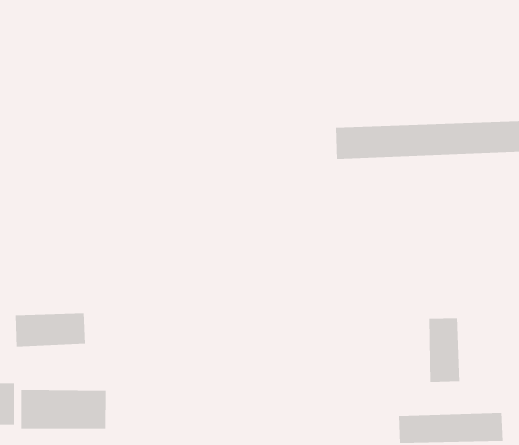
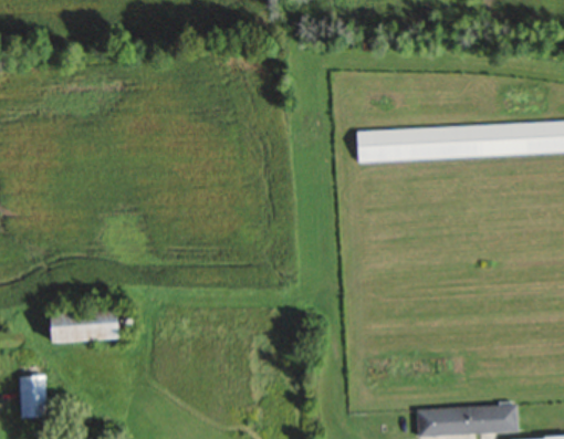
building: [429,317,460,383] -> none
building: [21,389,106,430] -> none

